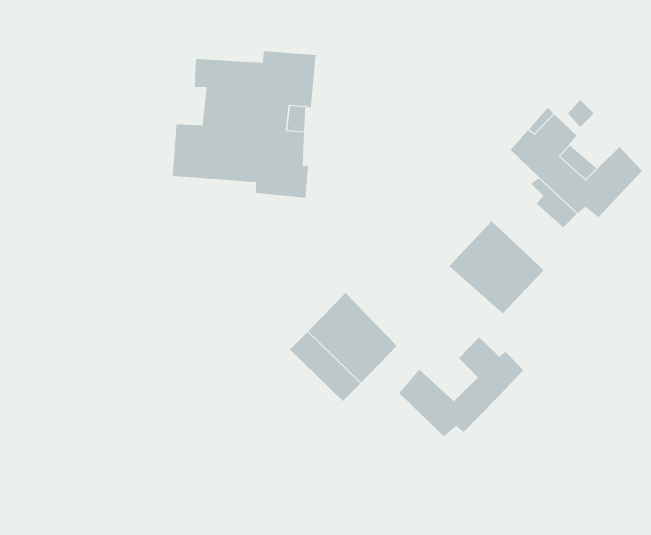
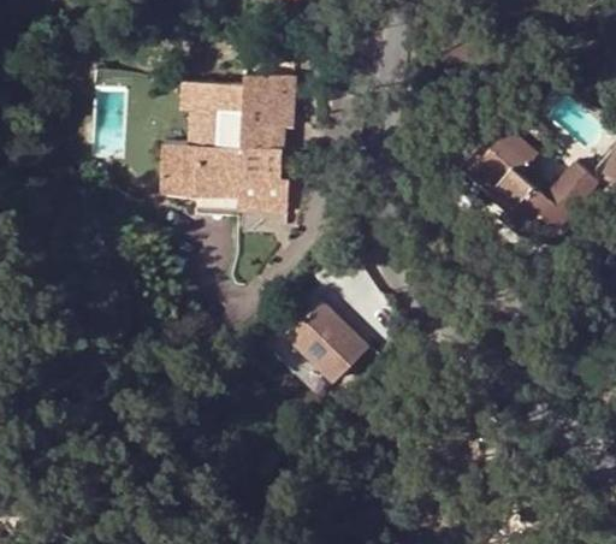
building: [449,221,544,314] -> none
building: [398,336,524,437] -> none

